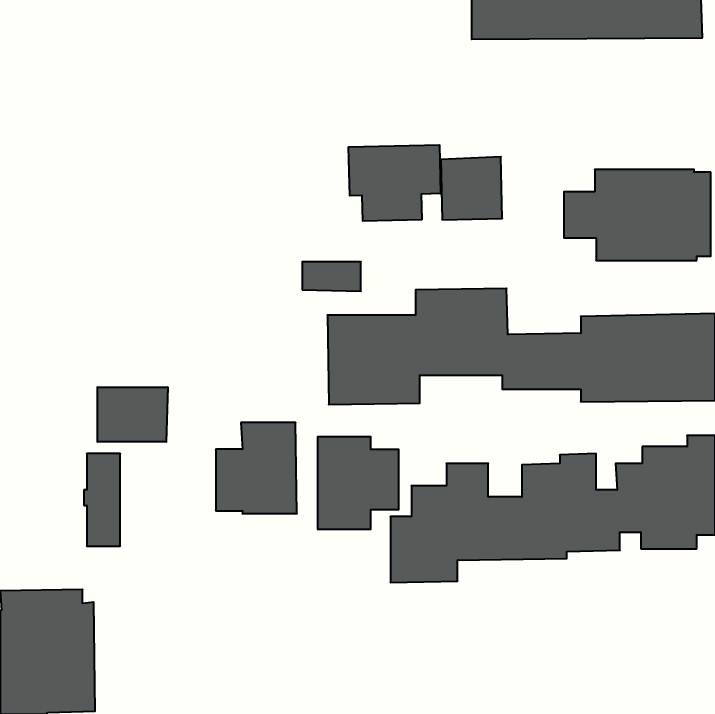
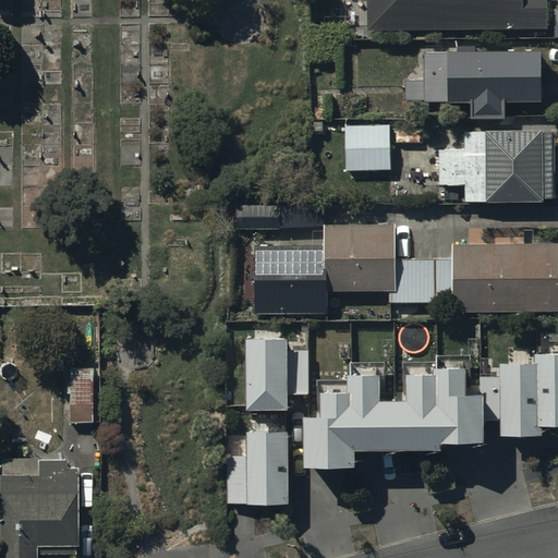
building: none -> [405,45,542,121]
building: [349,145,440,221] -> none
building: [97,387,168,442] -> none
building: [216,423,297,514] -> [227,435,290,506]

